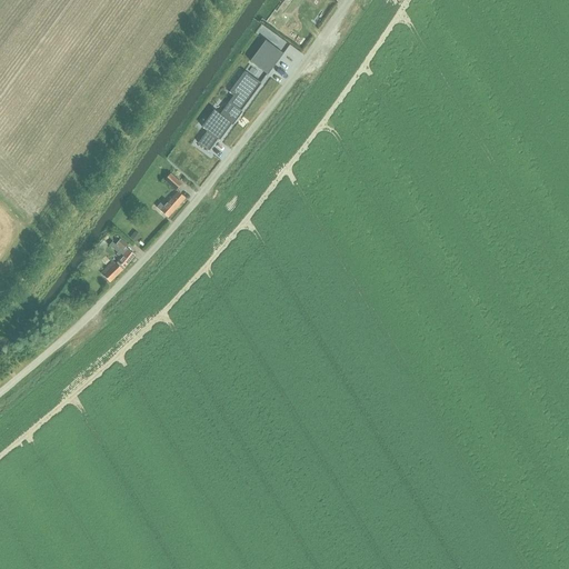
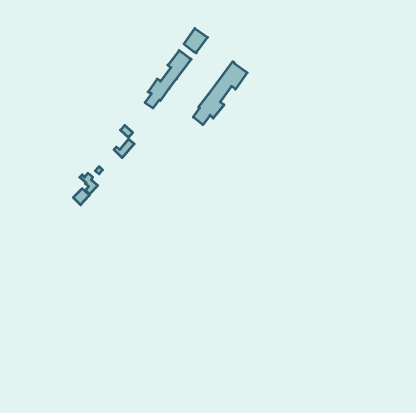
building: none -> [193,62,247,125]

